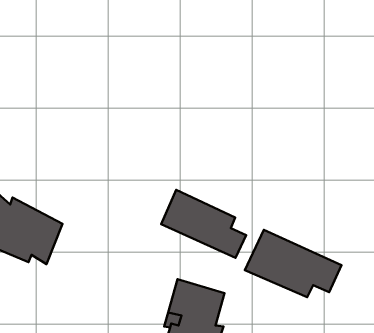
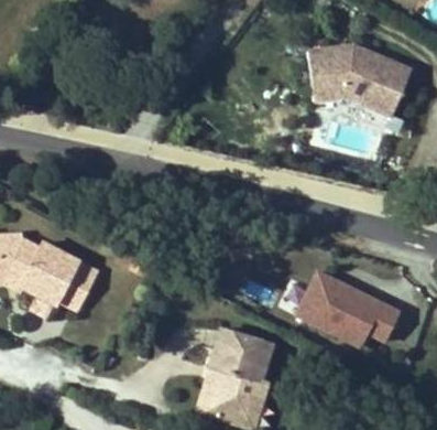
building: none -> [312,43,413,117]
building: [161,190,246,258] -> none

